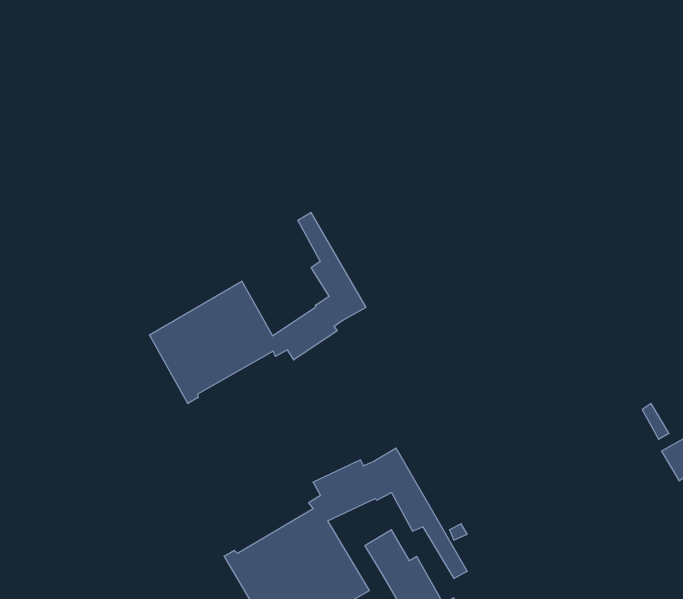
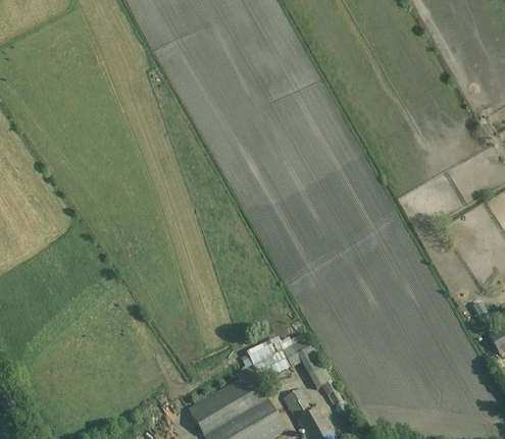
building: [149,212,366,404] -> none

